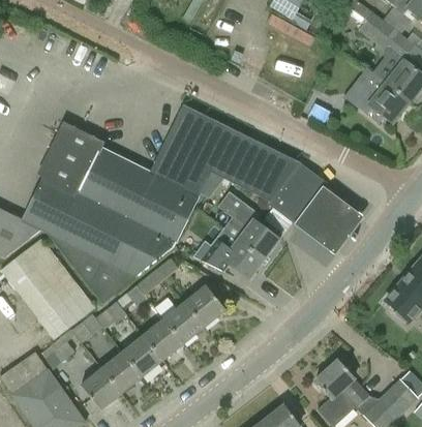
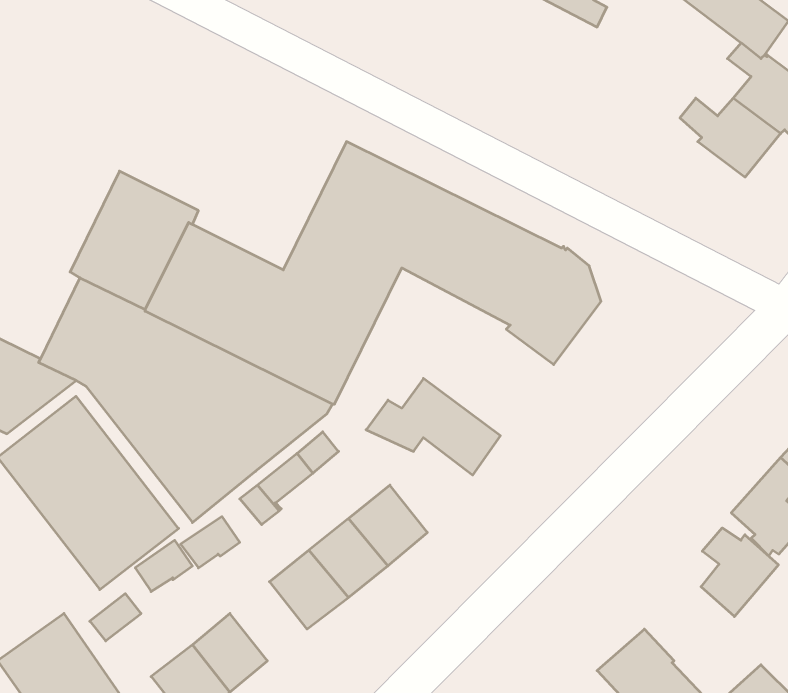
building: [218,190,278,258] -> none
building: [294,195,350,252] -> none
building: none -> [701,528,778,617]
building: [121,335,161,376] -> none

